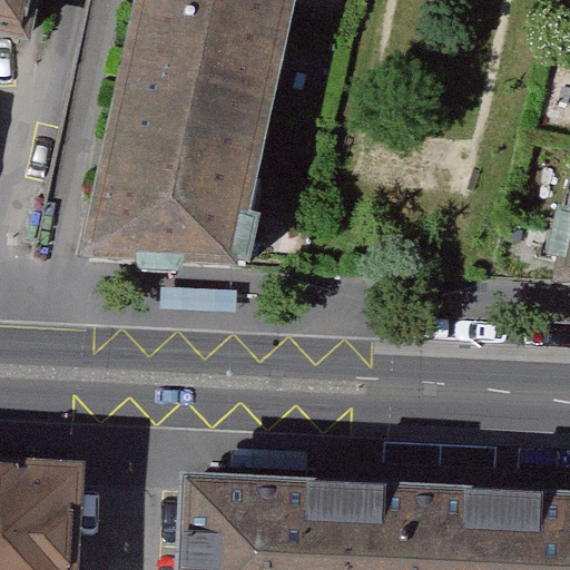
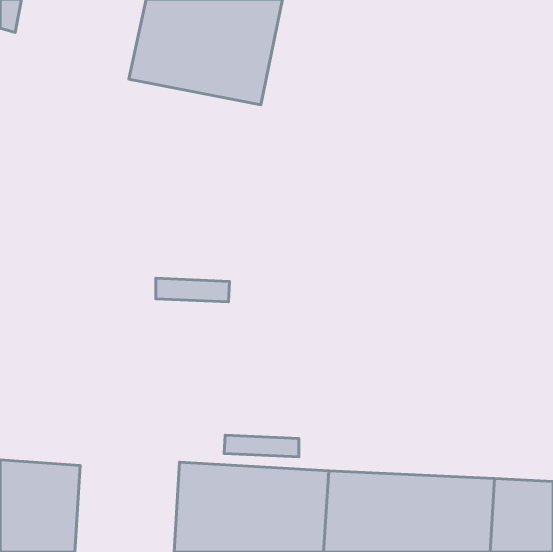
building: [95,81,268,275] -> none

